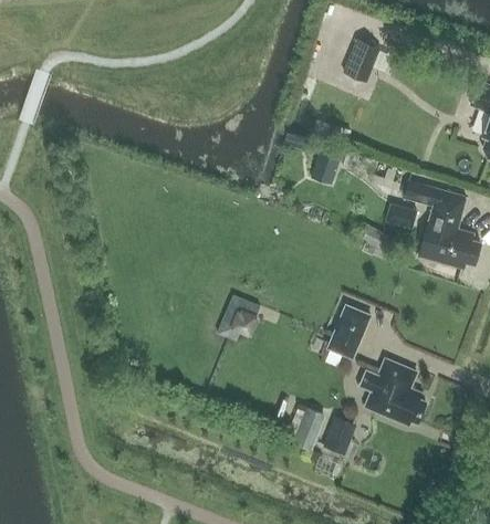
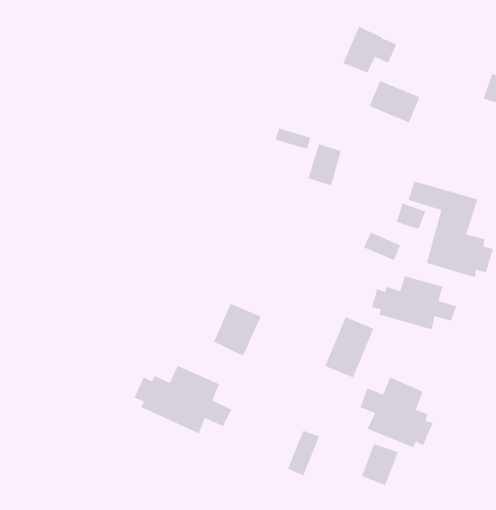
building: none -> [369,80,420,123]
building: none -> [372,275,457,330]
building: none -> [134,365,232,434]
building: [322,417,356,455] -> [361,444,399,486]

